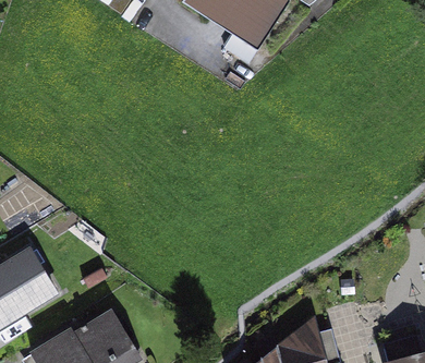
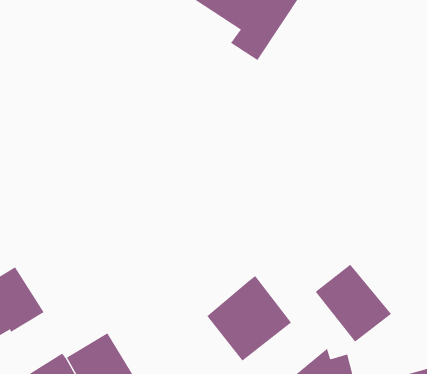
building: none -> [315,264,392,343]
building: none -> [206,275,292,362]

